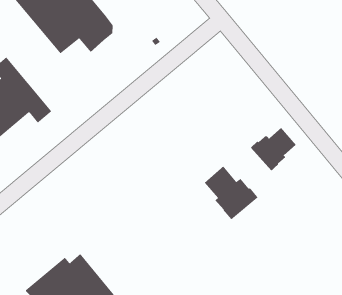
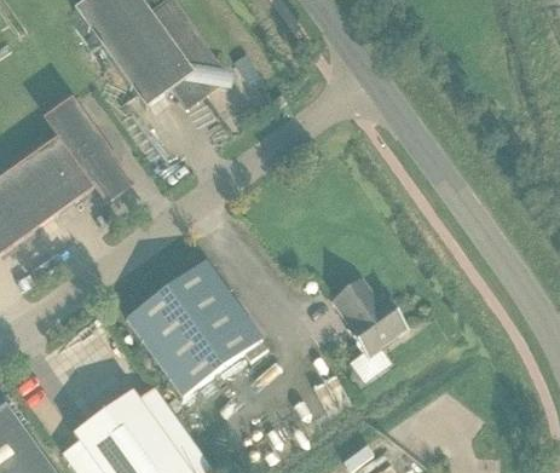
building: [249,127,296,173] -> none
building: none -> [126,259,266,394]

